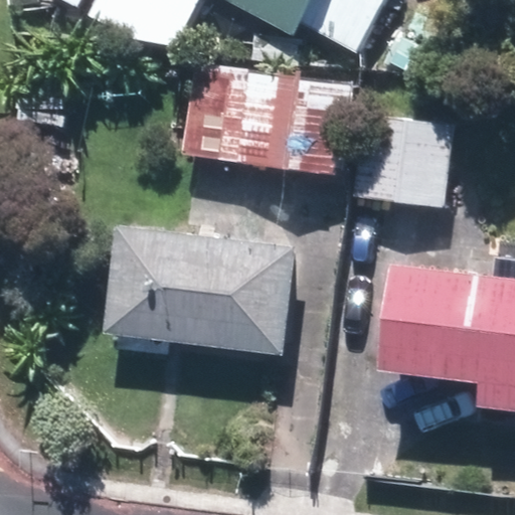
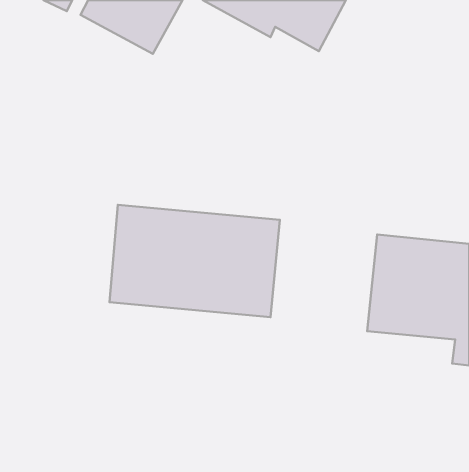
building: [169,66,347,176] -> none
building: [348,116,448,208] -> none

